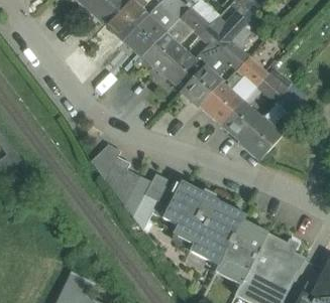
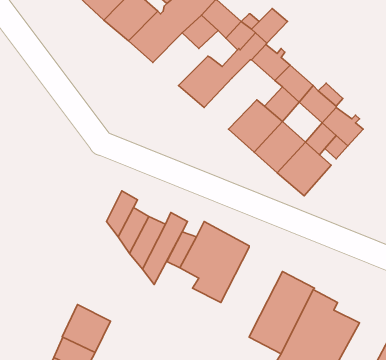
building: [141,32,185,73] -> none
building: [182,67,223,108] -> none
building: [91,145,119,180] -> none
building: [191,200,245,265] -> none
building: none -> [62,304,111,352]

